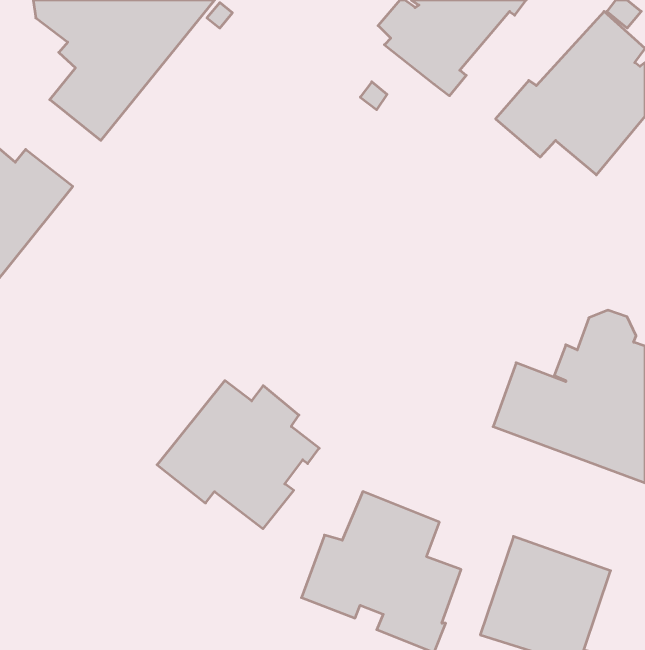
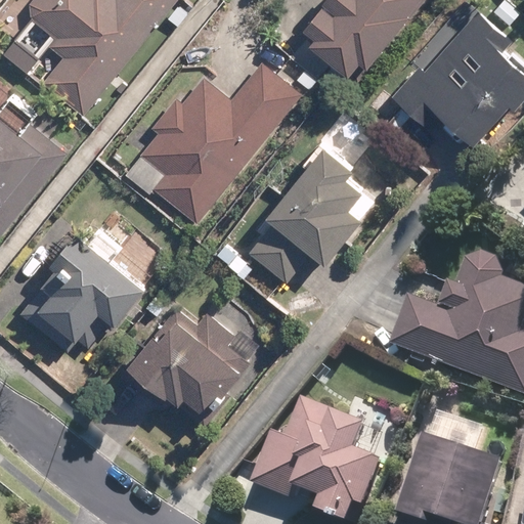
building: none -> [139,60,301,222]
building: none -> [261,140,373,281]
building: none -> [30,229,149,351]

